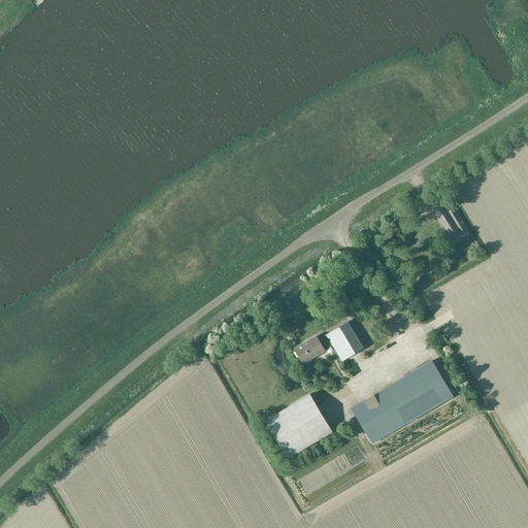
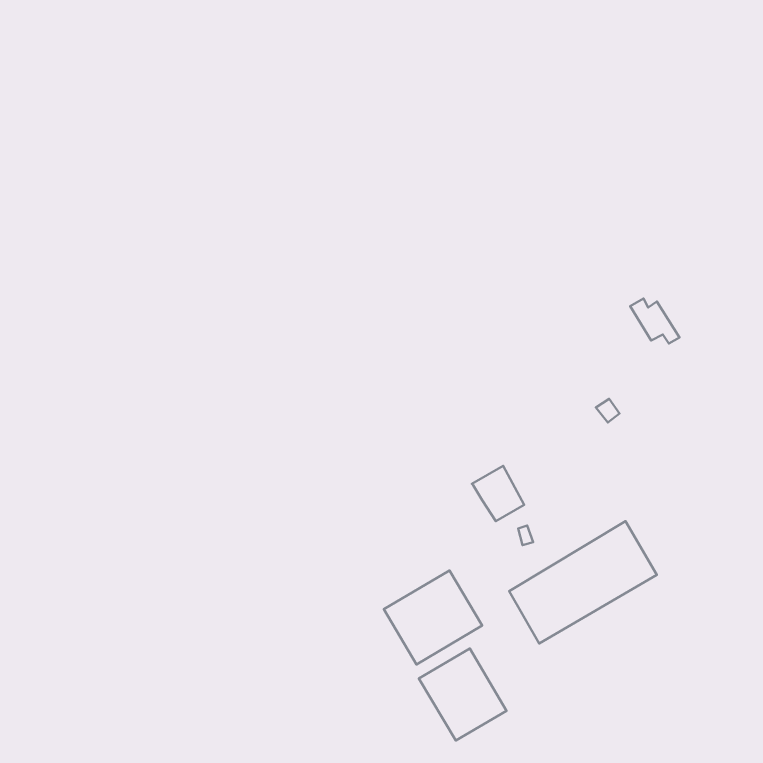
building: [295,335,333,364] -> none
building: none -> [419,649,507,741]

